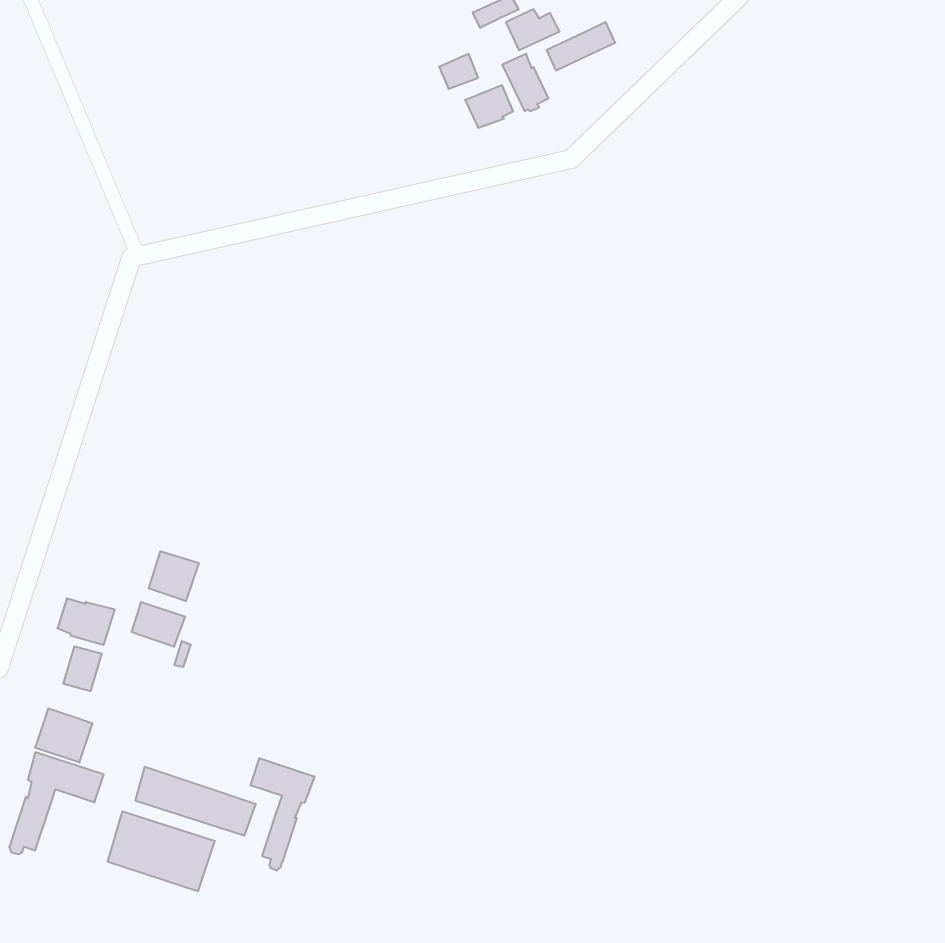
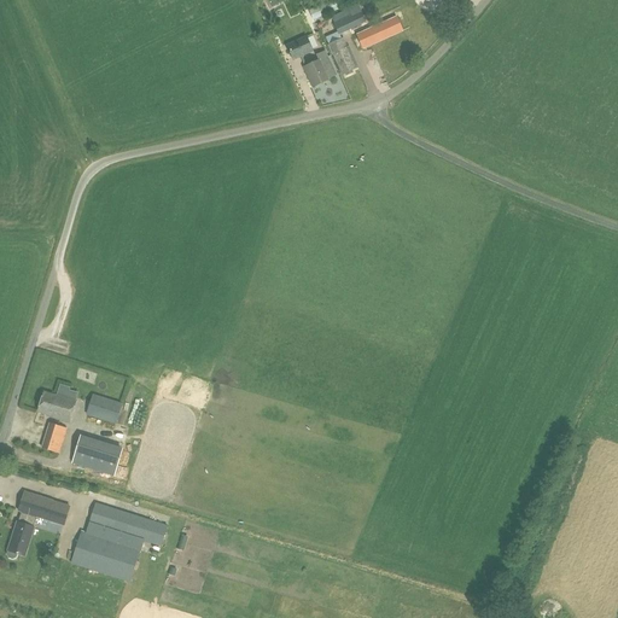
building: [149,551,199,601] -> none
building: [35,709,93,762] -> [70,436,107,471]
building: [251,758,315,871] -> none

